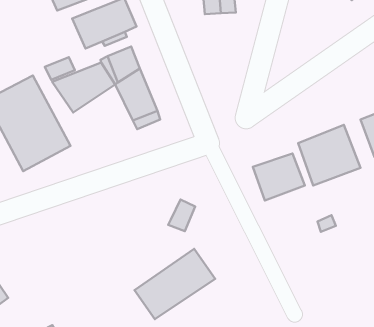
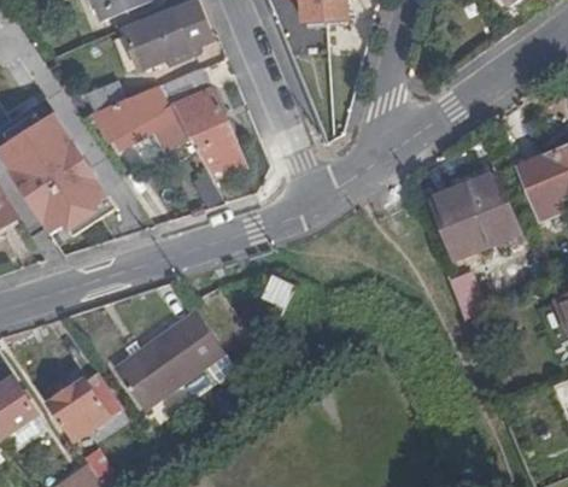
building: [253,153,305,200] -> none
building: [134,249,215,319] -> [113,312,224,409]
building: none -> [45,369,119,439]

